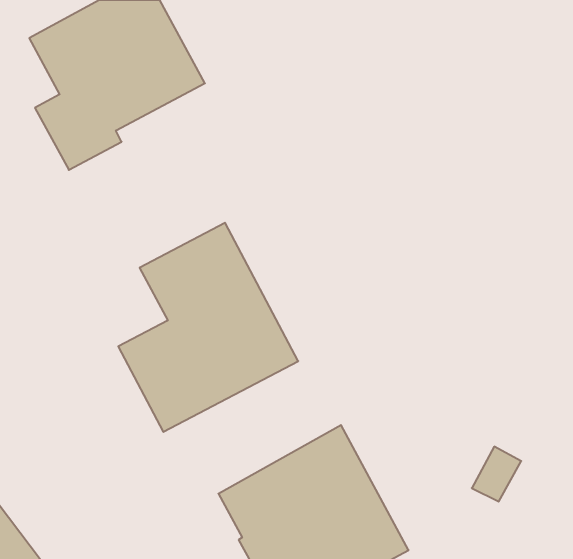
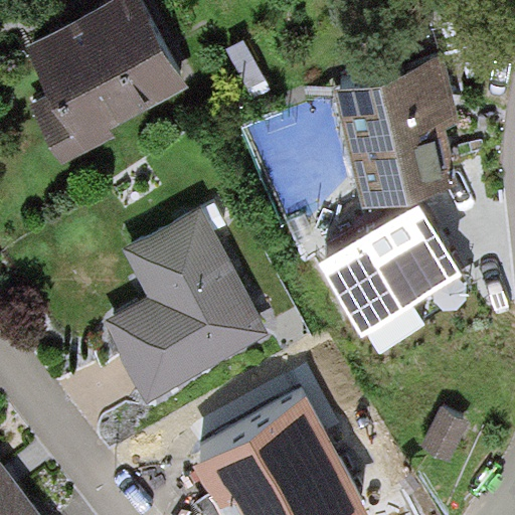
building: none -> [333,58,458,201]
building: none -> [317,196,458,327]

